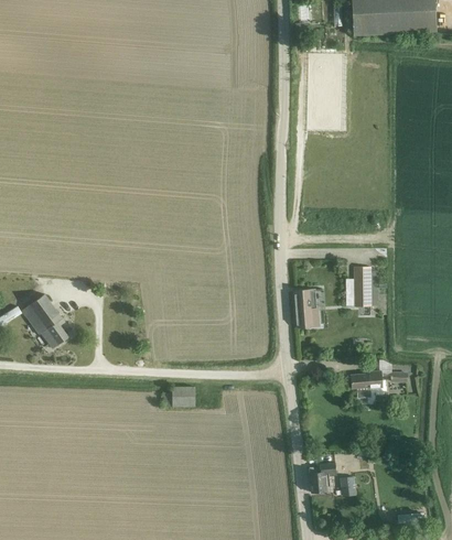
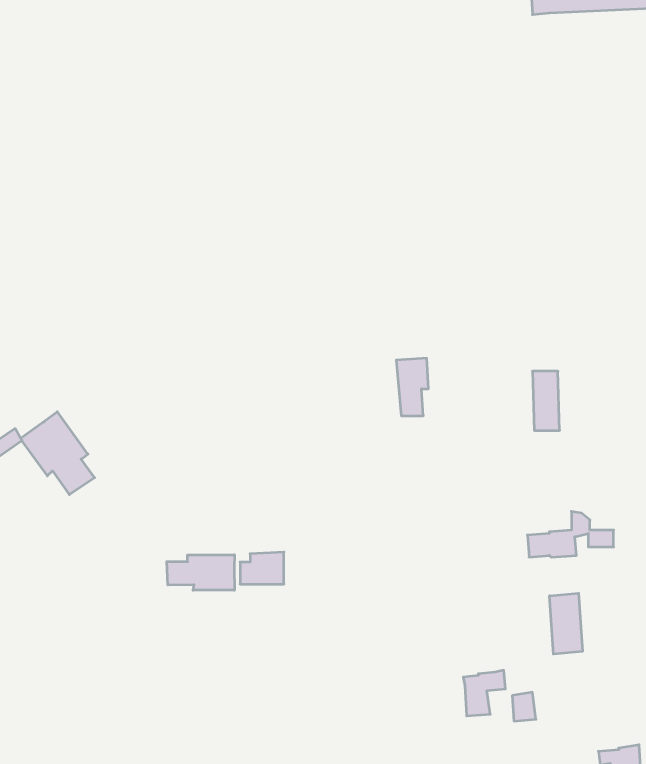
building: [294,290,315,327] -> [396,358,428,416]
building: none -> [167,555,234,590]
building: none -> [550,593,582,654]

